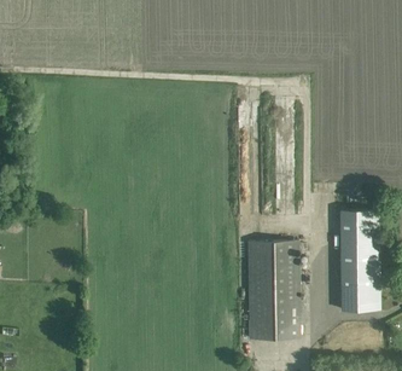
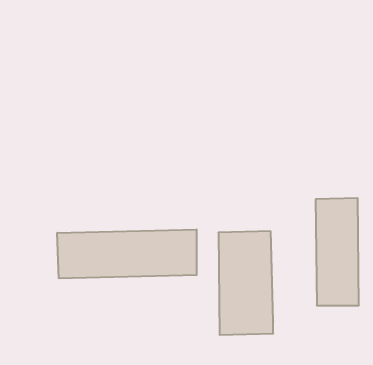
building: none -> [57,229,197,278]

